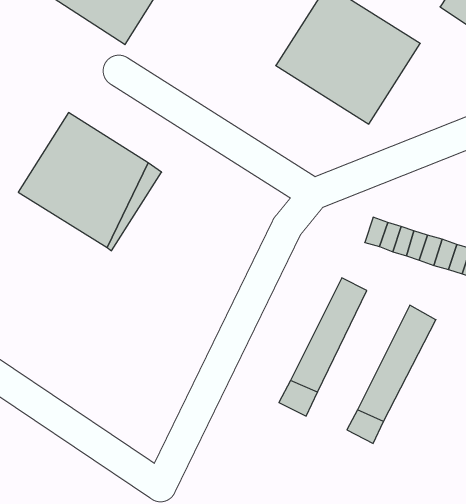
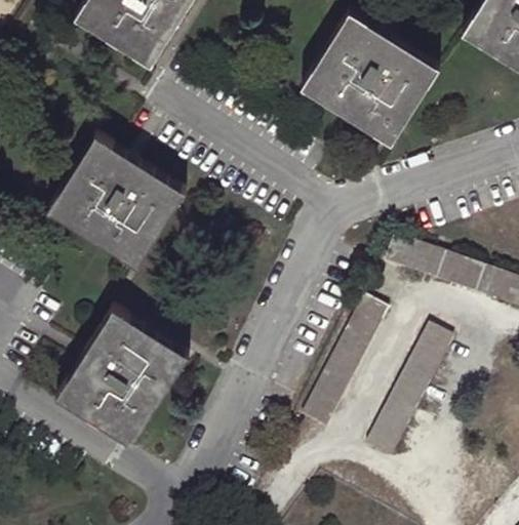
building: none -> [55,304,190,444]

